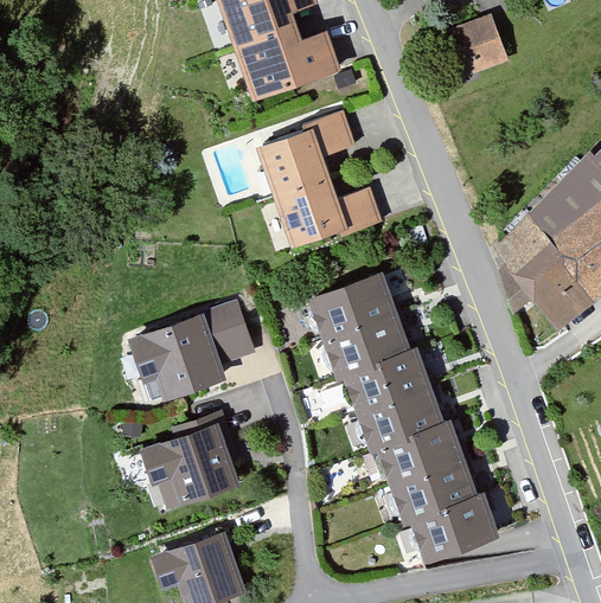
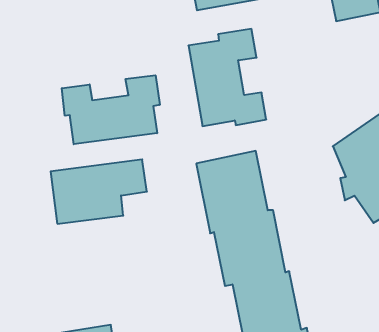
building: none -> [62,75,160,144]
building: [128,415,235,511] -> none

